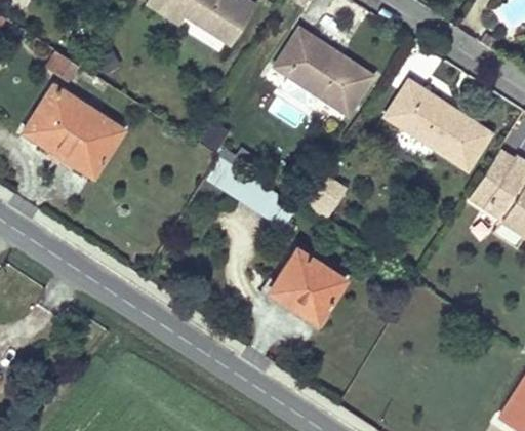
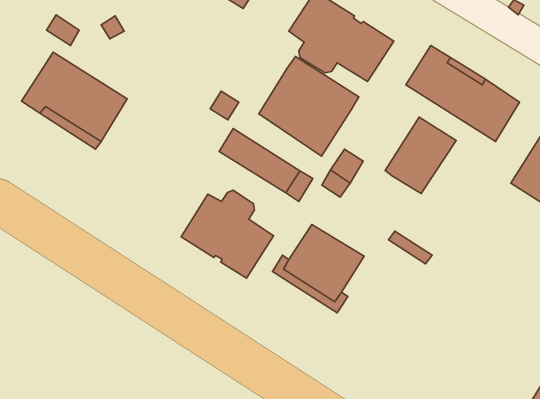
building: none -> [259,57,359,156]
building: none -> [385,117,456,194]
building: none -> [181,190,273,278]

